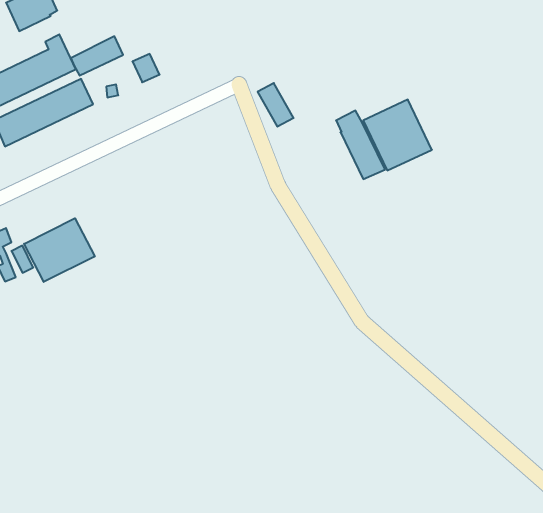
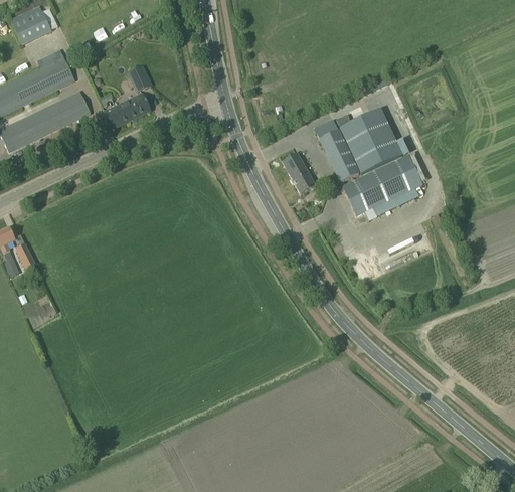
building: [71,36,123,76] -> [103,94,151,130]
building: [258,83,294,127] -> [283,154,316,194]
building: none -> [341,153,422,215]
building: [24,218,95,282] -> none

